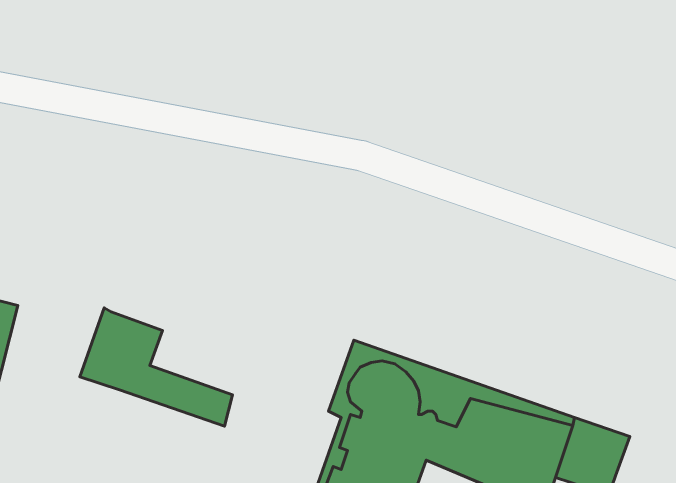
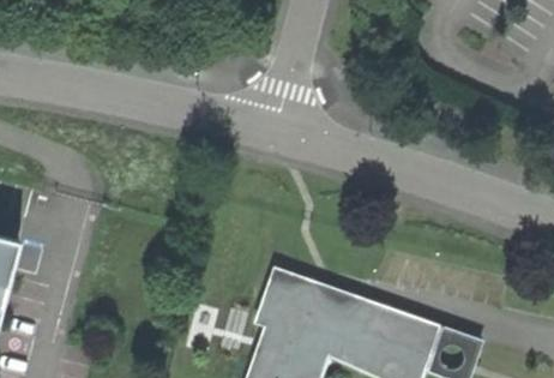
building: [80,308,233,426] -> none

